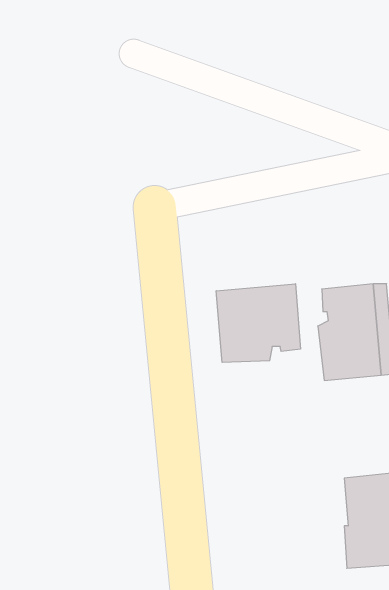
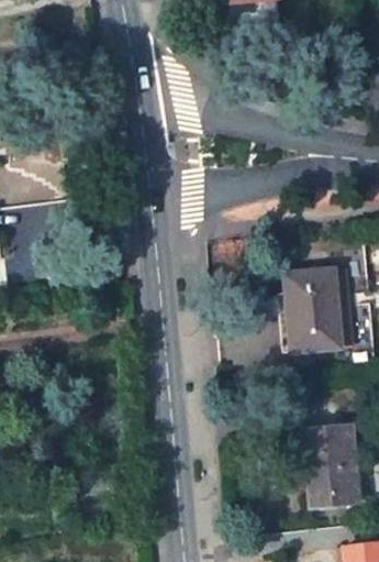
building: [216,284,300,362] -> none

